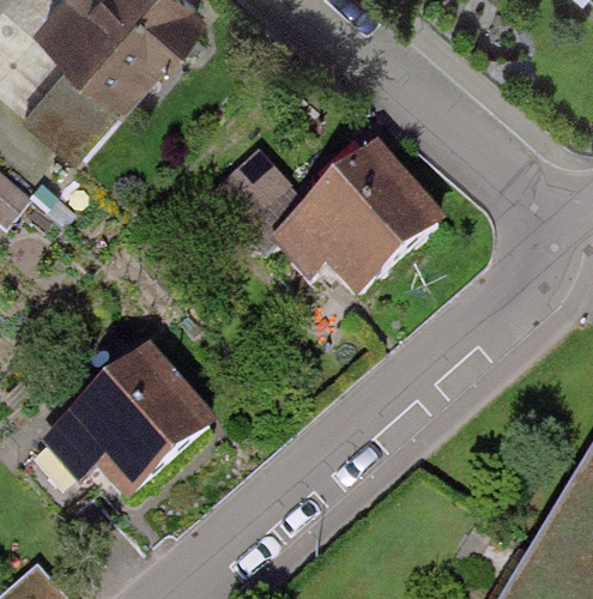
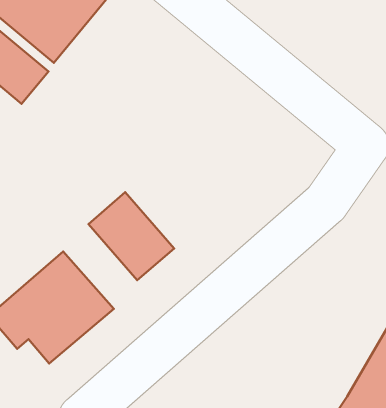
building: [223,146,440,294] -> none
building: none -> [88,192,174,280]

